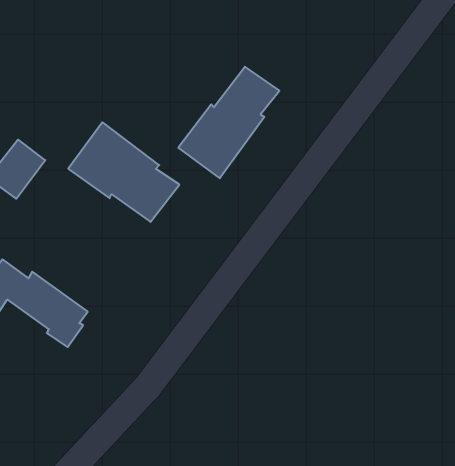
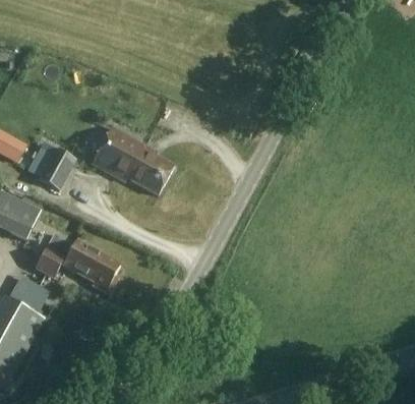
building: [178,67,279,178] -> none

